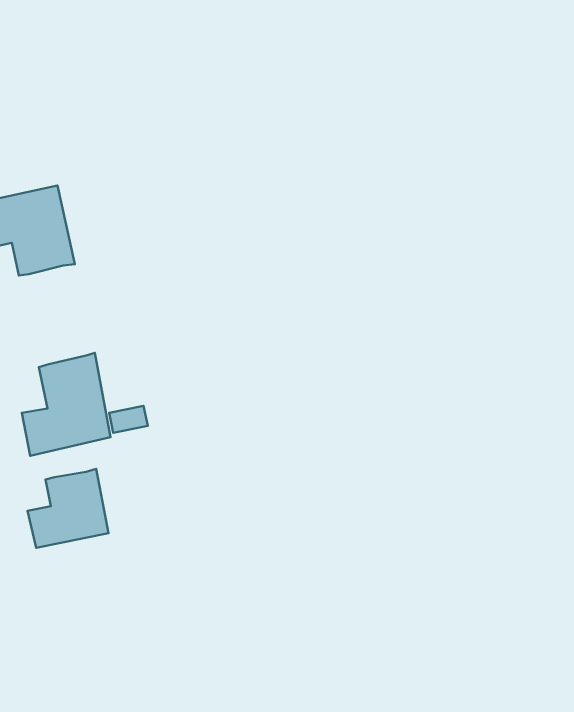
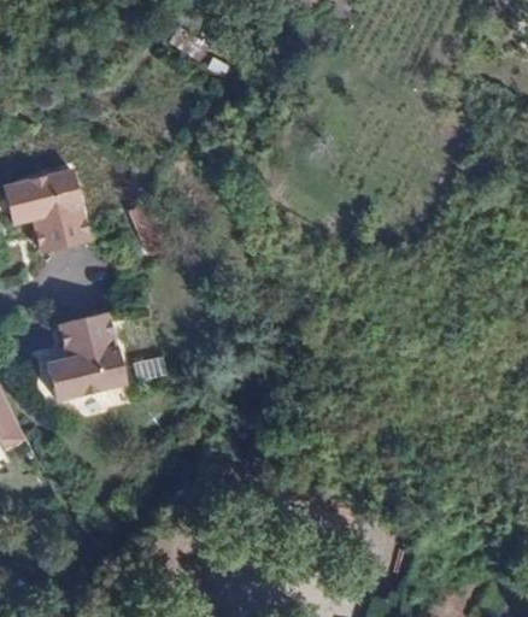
building: [28,469,109,548] -> none

